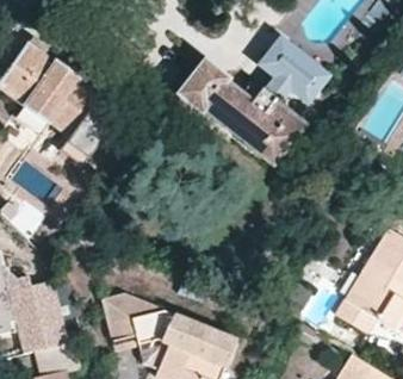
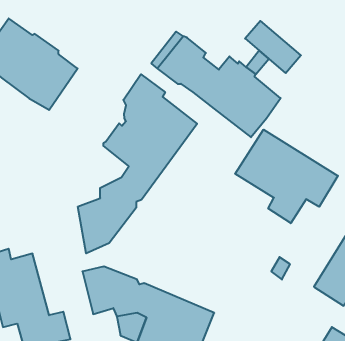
building: none -> [78,74,197,253]
building: none -> [235,130,338,223]

